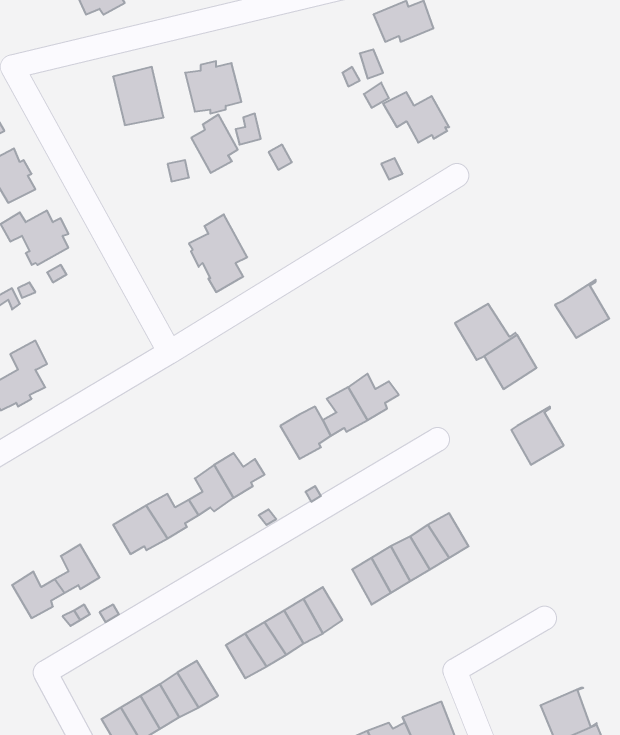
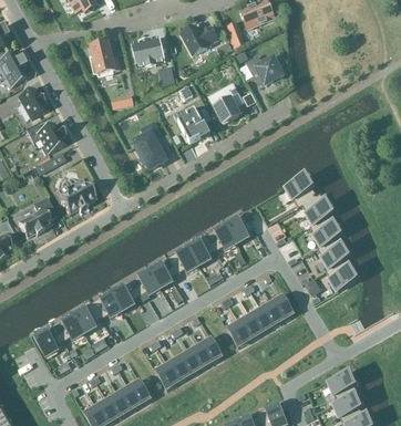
building: none -> [182,24,217,54]
building: [191,115,238,173] -> [178,108,205,142]
building: none -> [215,83,243,122]
building: [555,280,609,338] -> [309,211,340,245]
building: none -> [56,181,96,214]
building: none -> [167,245,197,272]
building: none -> [326,256,357,290]
building: none -> [72,301,101,331]
building: none -> [329,372,358,404]

